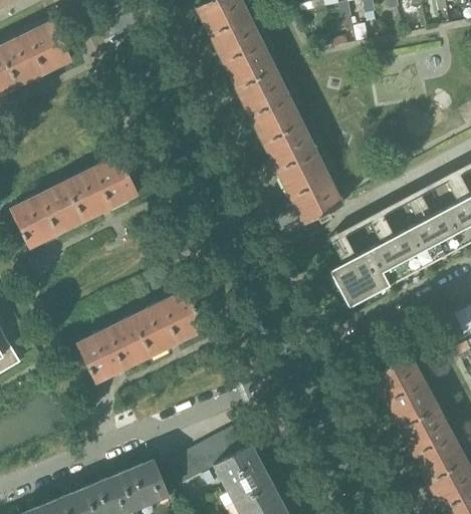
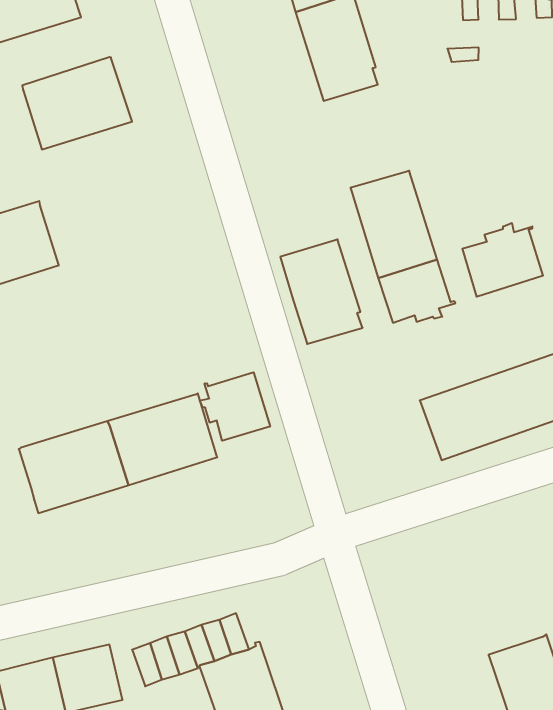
building: [238,71,298,142] -> [280,239,363,344]
building: none -> [462,223,543,297]
building: [65,155,140,221] -> [22,57,132,149]
building: none -> [200,372,270,441]
building: [373,354,434,428] -> none

